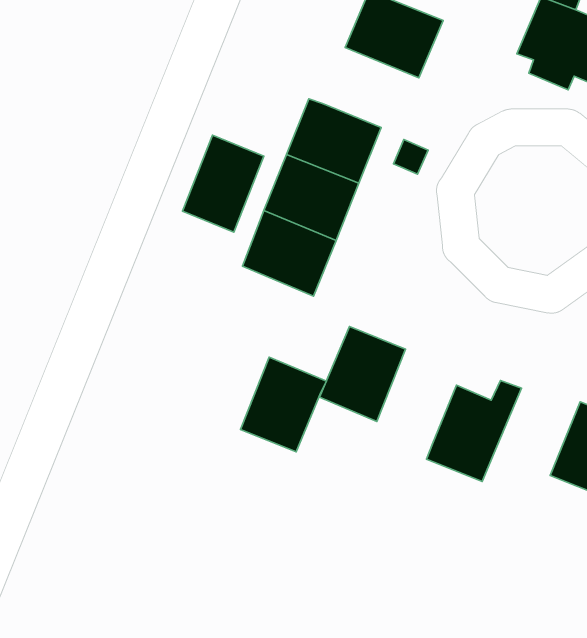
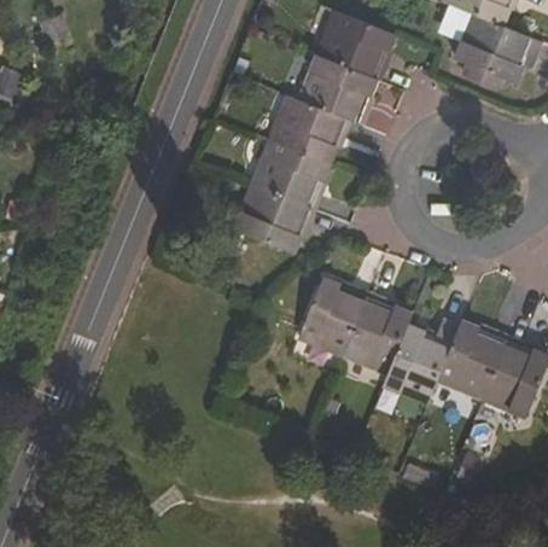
building: none -> [298,54,375,123]
building: [183,135,264,232] -> none
building: [240,357,326,452] -> [342,296,410,372]
building: none -> [436,320,505,397]

